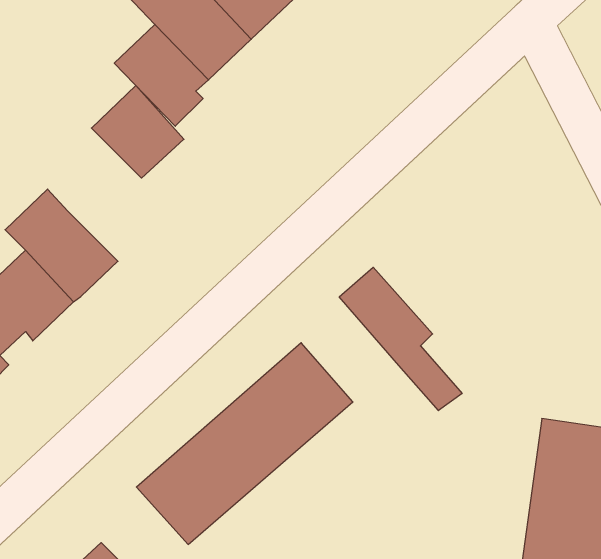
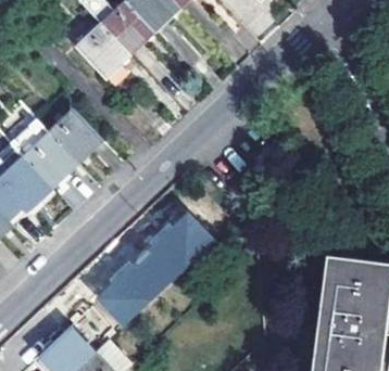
building: [91,86,184,178] -> [49,107,103,162]
building: [339,267,462,411] -> none

